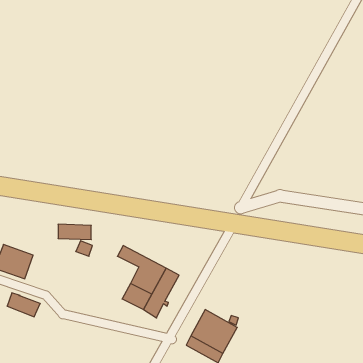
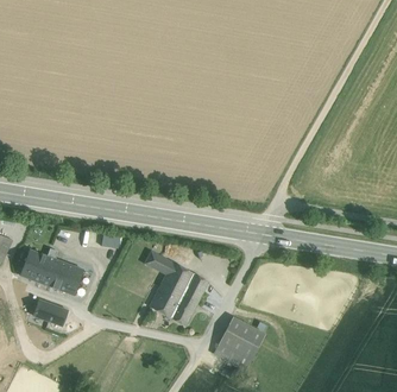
building: none -> [52,261,82,293]

